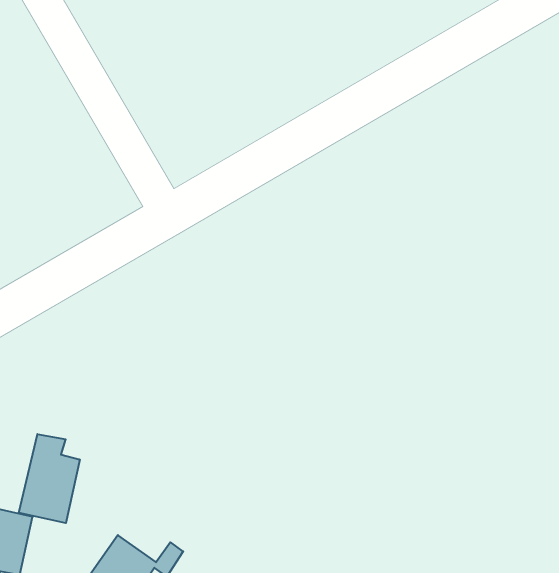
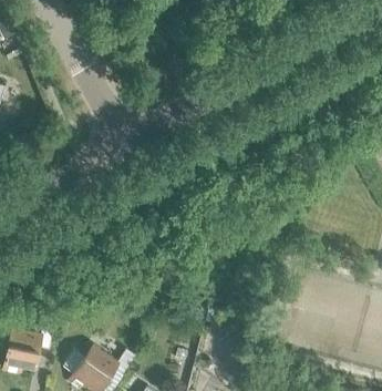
building: [19,434,80,523] -> none

